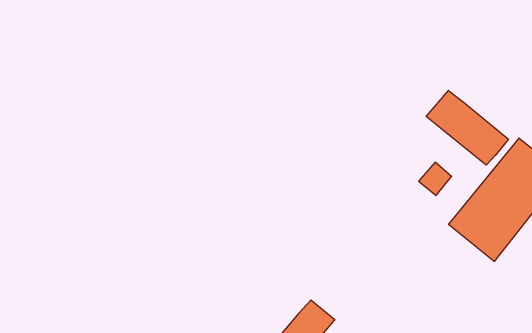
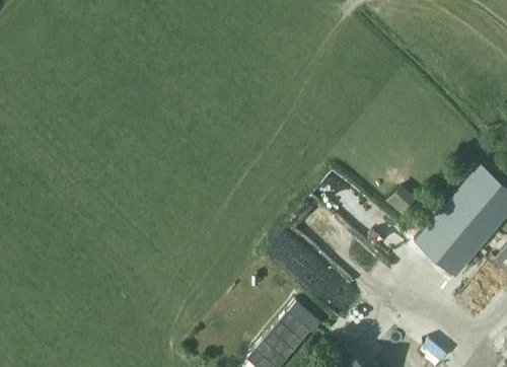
building: [426,90,508,165] -> none

